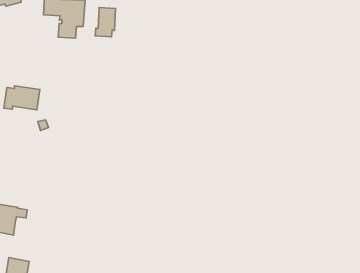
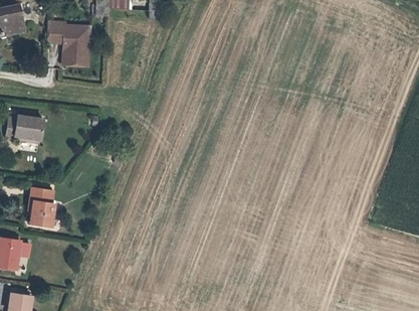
building: [95,7,115,37] -> none
building: none -> [30,187,53,224]

